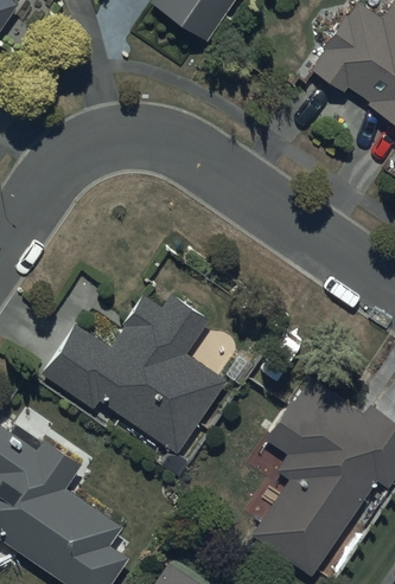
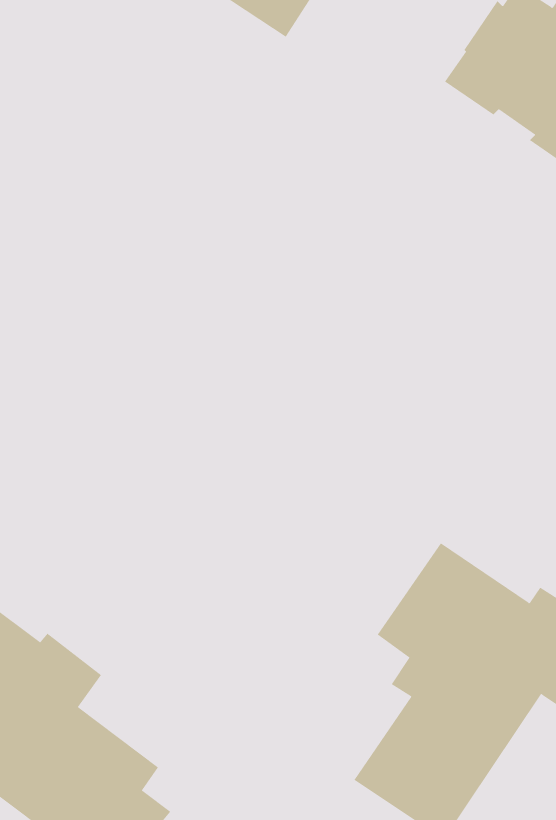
building: [42,295,229,454] -> none

